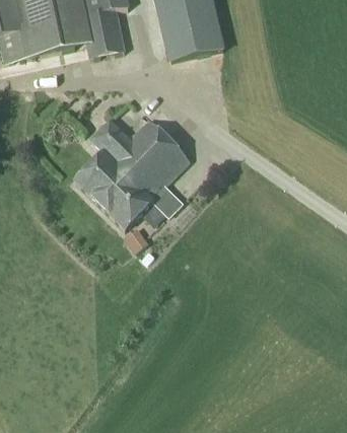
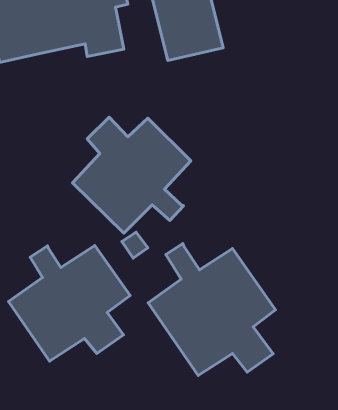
building: none -> [148,244,275,376]
building: none -> [8,245,130,361]

